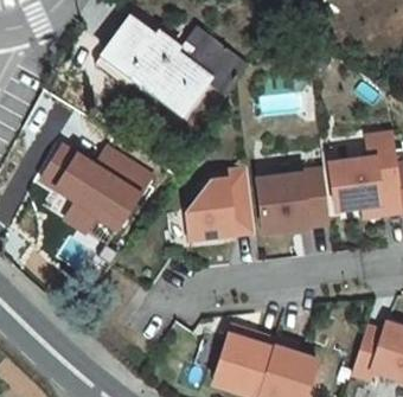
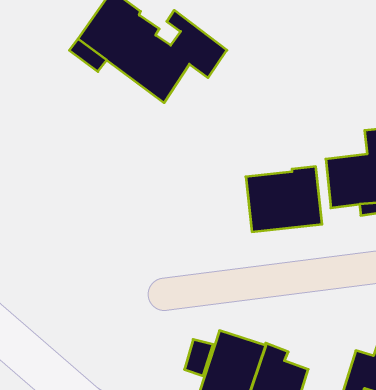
building: [38,135,160,232] -> none
building: [187,167,256,238] -> none

